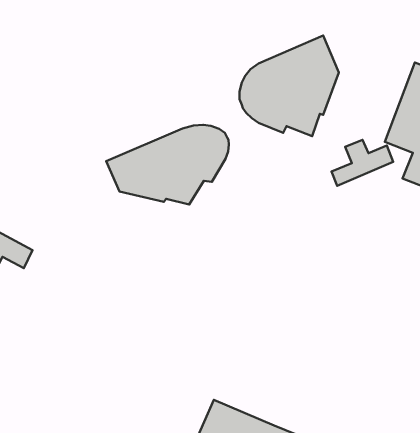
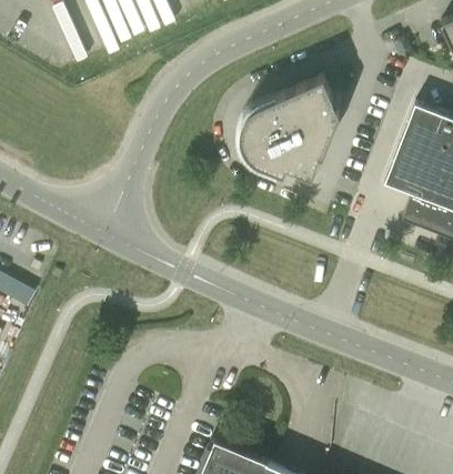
building: [106,125,229,205] -> none
building: [331,140,393,186] -> none

